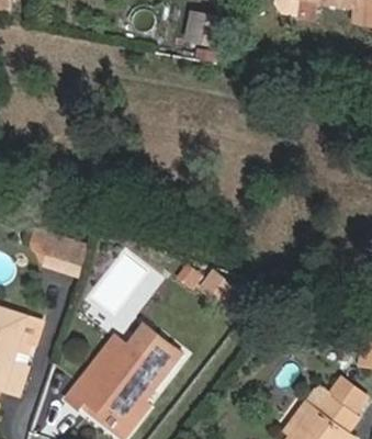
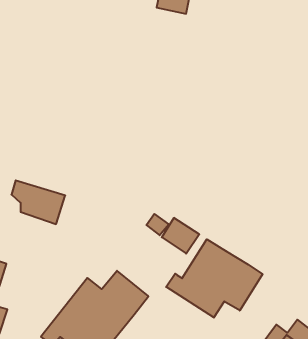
building: none -> [166,239,263,318]

